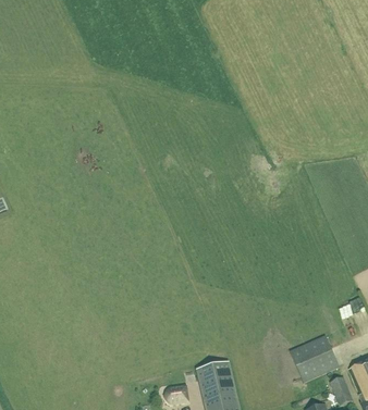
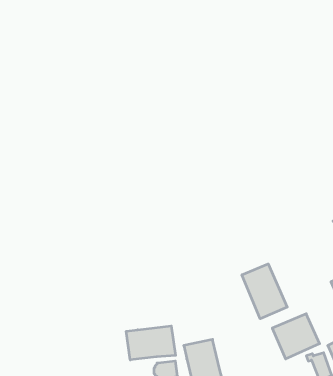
building: none -> [242,264,287,319]
building: none -> [126,326,176,360]

